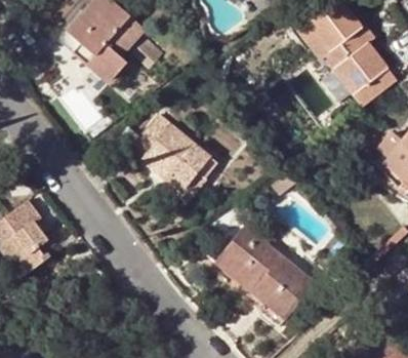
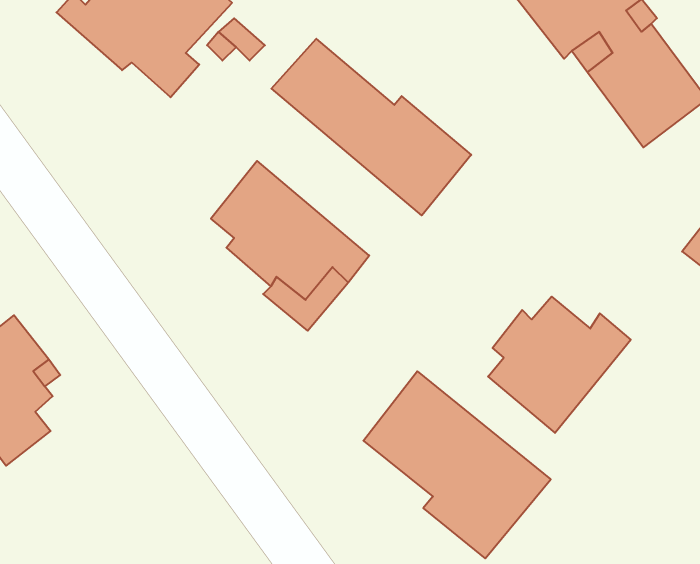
building: none -> [271,39,471,215]
building: none -> [488,297,631,433]

